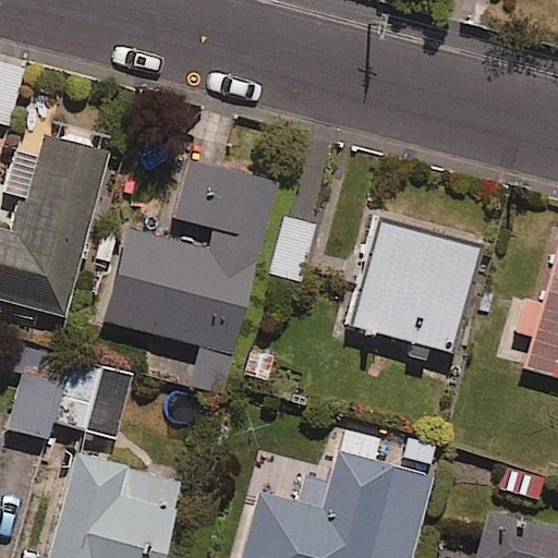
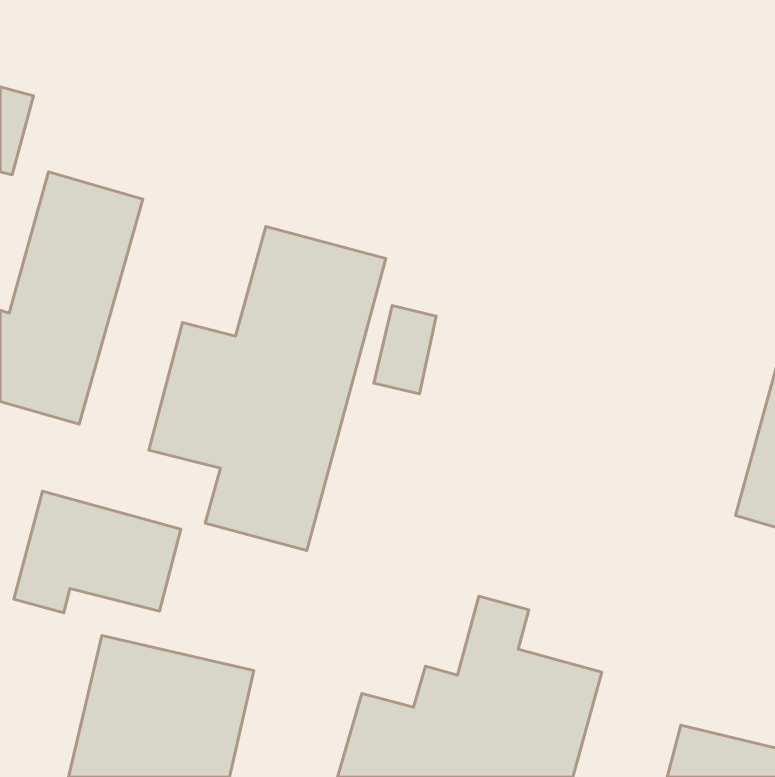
building: [349,211,478,343] -> none

